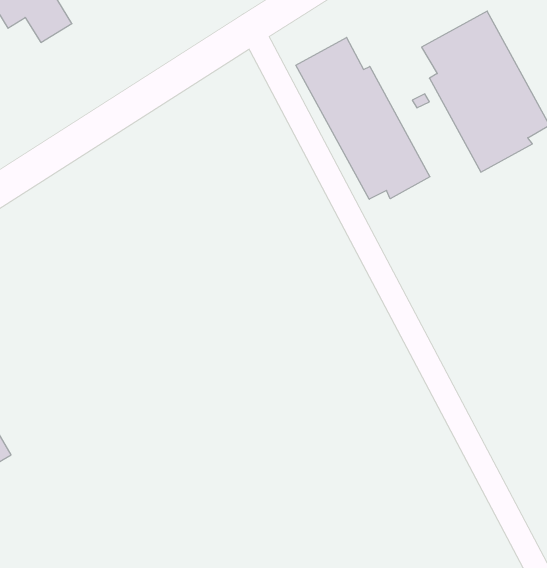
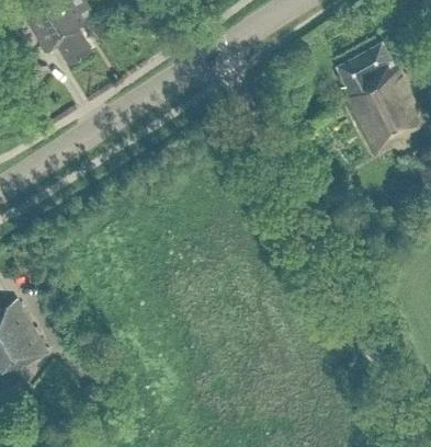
building: [296,37,430,199] -> none

